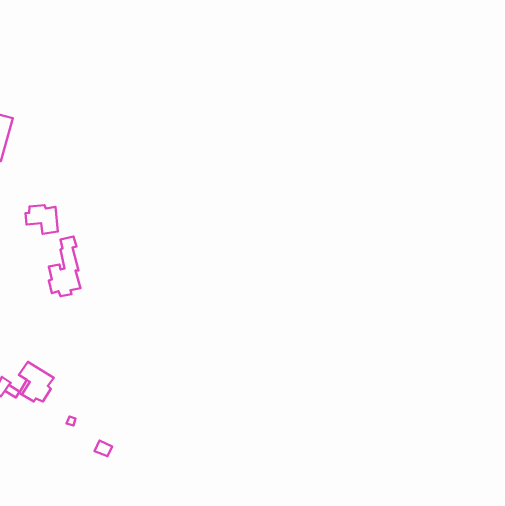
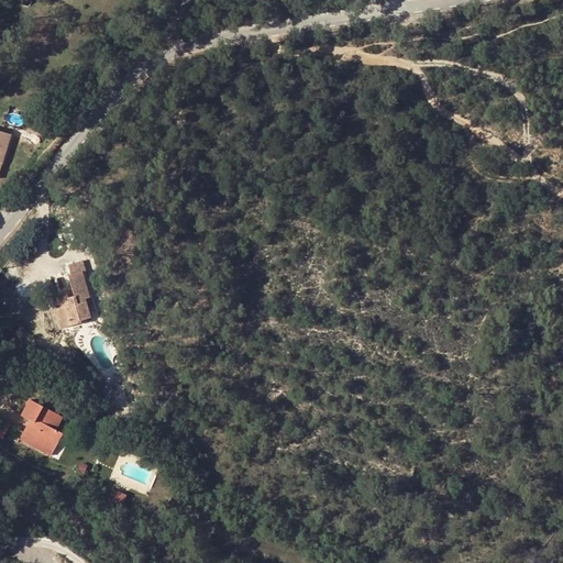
building: [26,205,58,234] -> none

